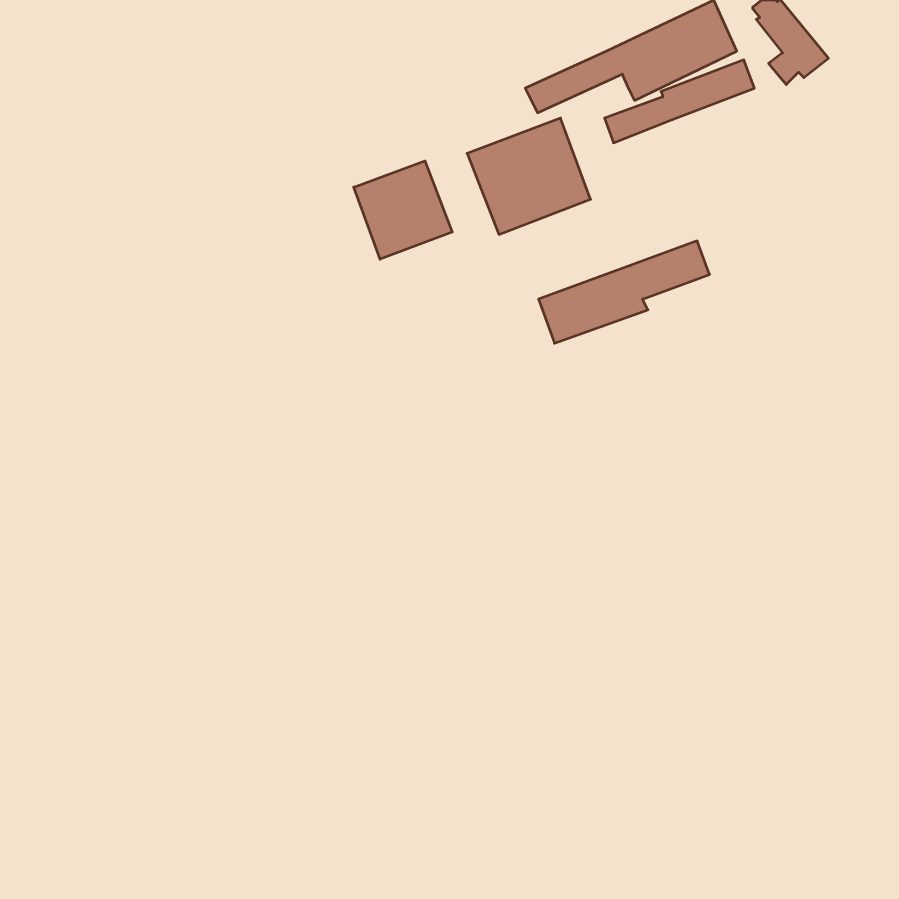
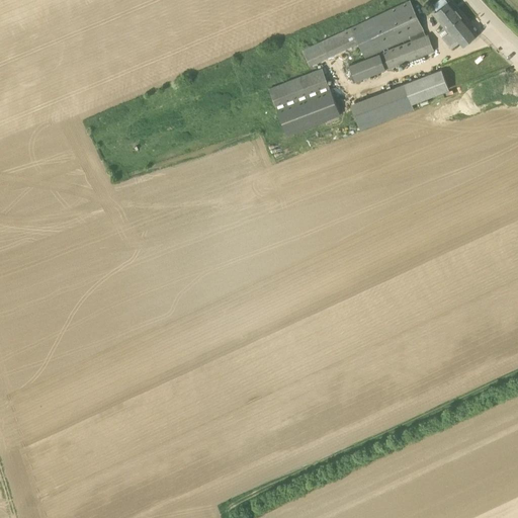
building: [354,161,452,259] -> none
building: [539,241,710,343] -> [350,71,448,130]

